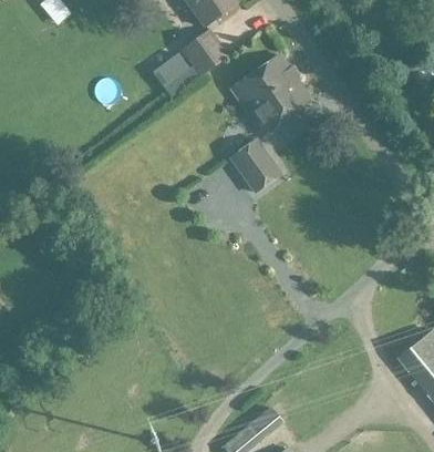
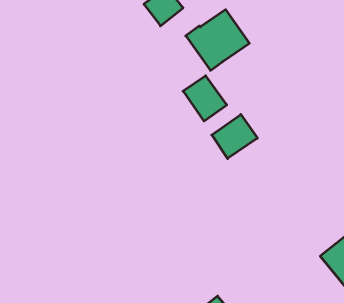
building: [153,51,192,88] -> none
building: none -> [212,114,257,159]

